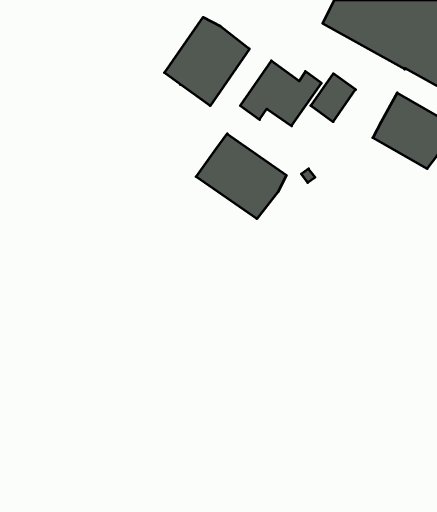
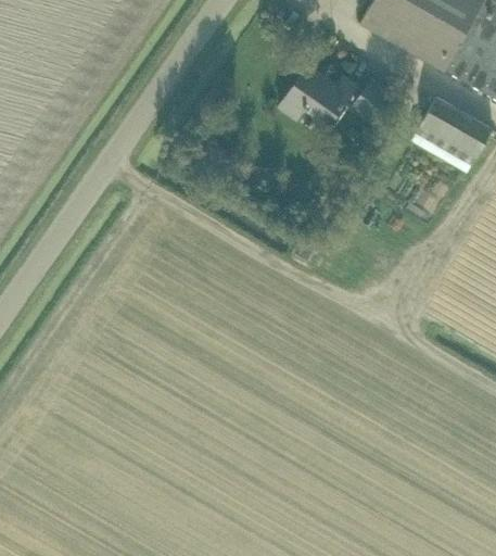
building: [164,17,249,106] -> none
building: [196,134,286,219] -> none

